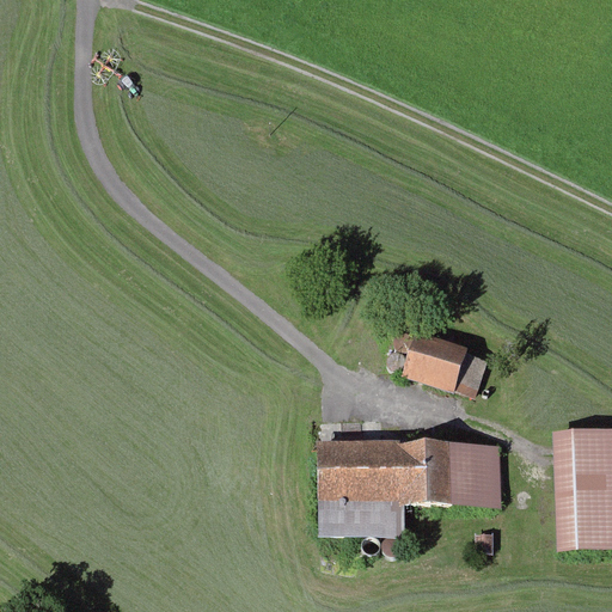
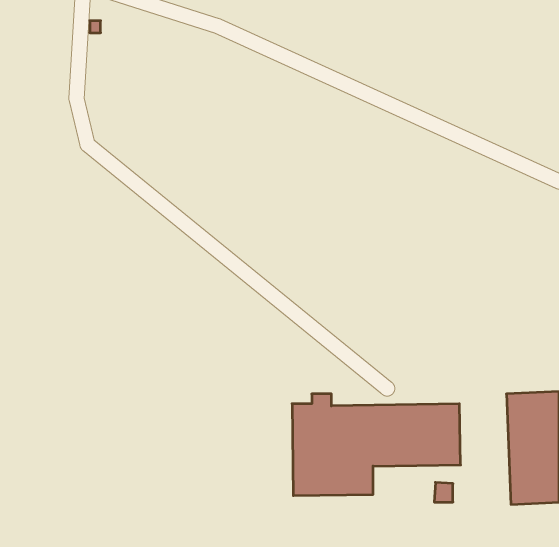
building: [403,316,488,391] -> none

